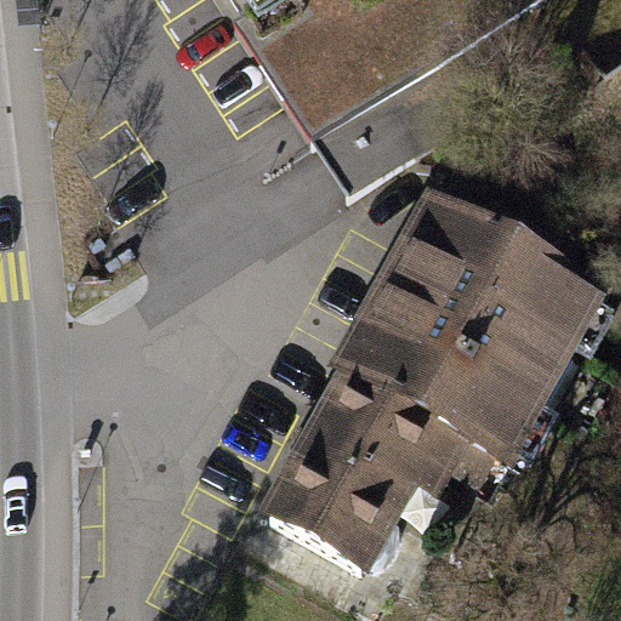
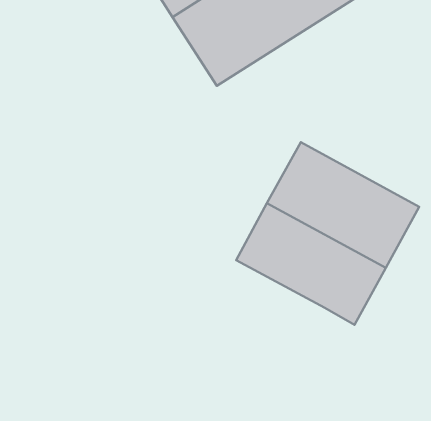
building: [260,371,463,581] -> none

